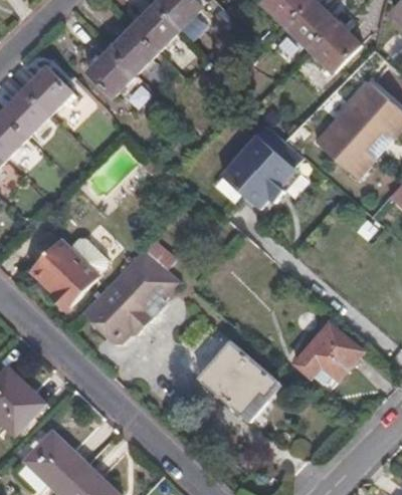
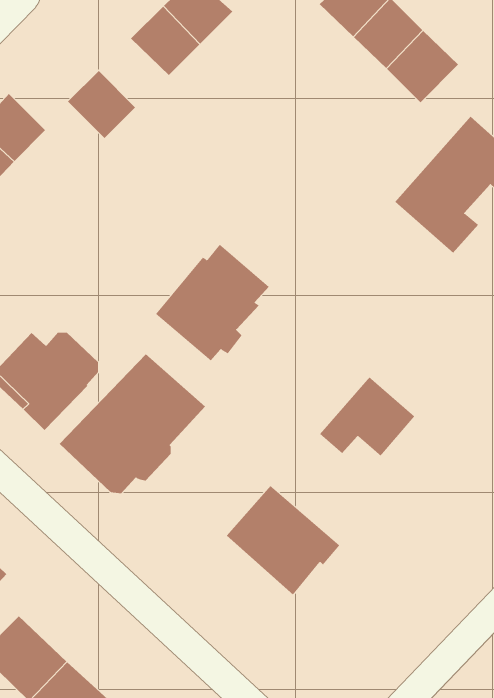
building: [109,28,158,76] -> none
building: [222,126,303,208] -> [155,244,270,361]
building: [294,322,362,379] -> [319,376,415,457]

